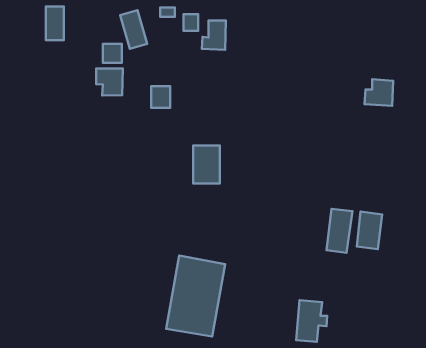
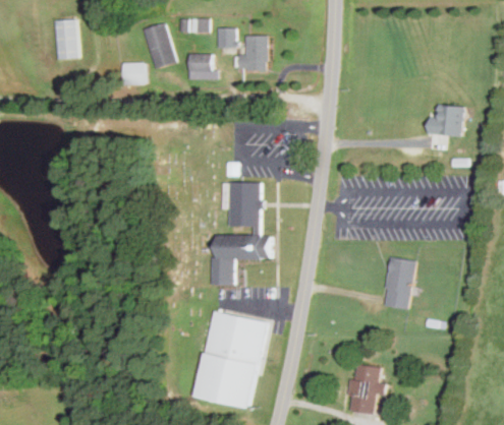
building: [96,69,123,95] -> none
building: [151,86,170,108] -> [188,54,211,79]
building: none -> [212,235,272,285]
building: [357,212,382,249] -> none

